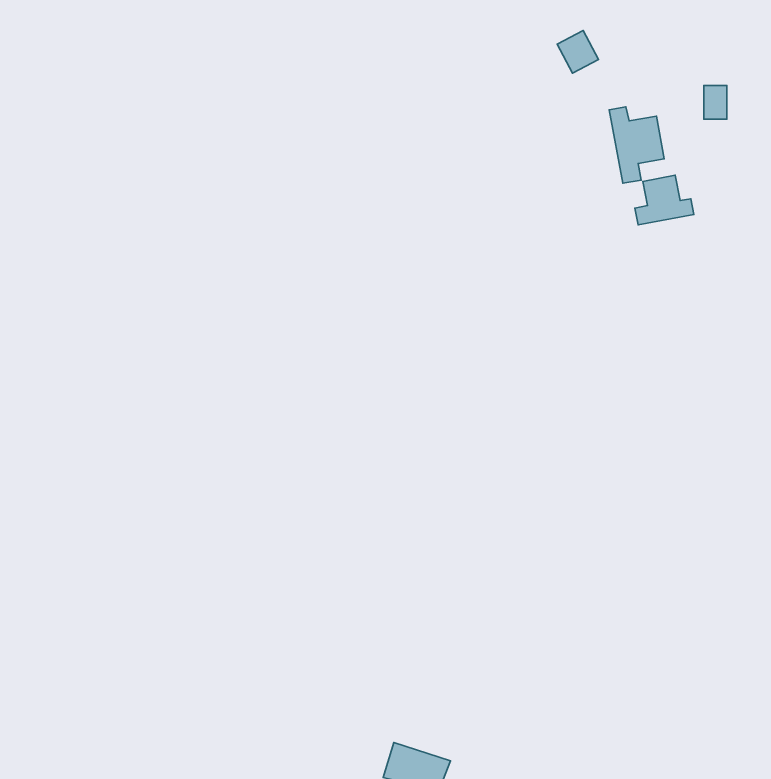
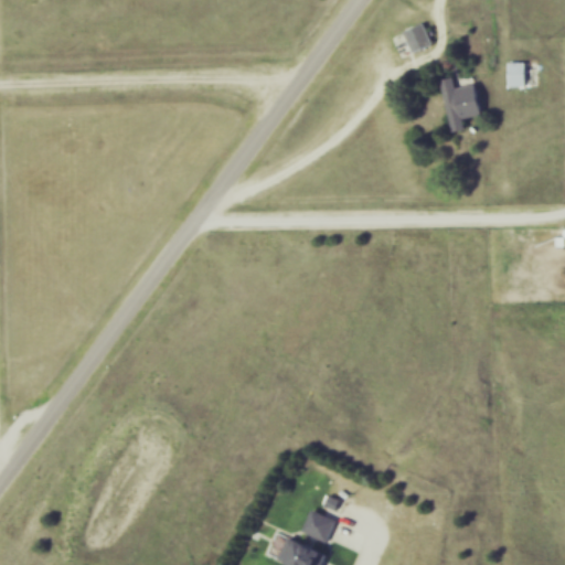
building: [635,175,694,225] -> none
building: none -> [300,509,335,544]

